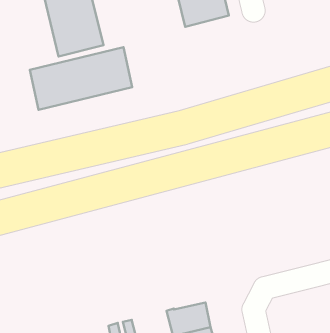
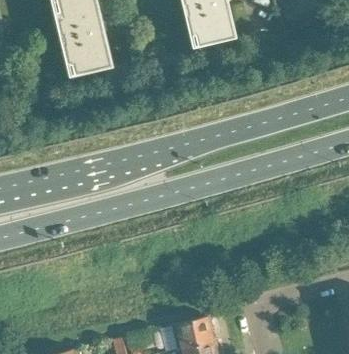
building: [30,47,132,110] -> none

